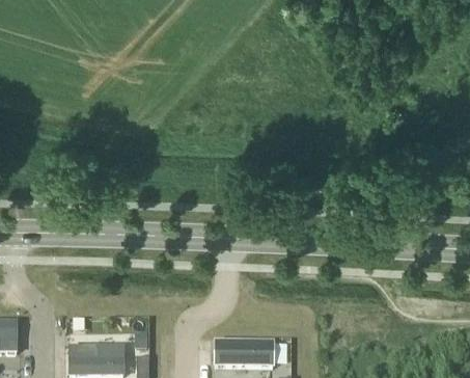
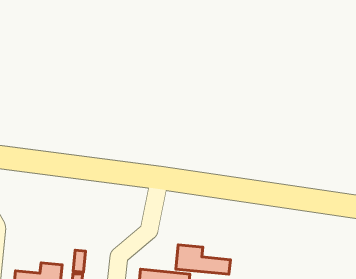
building: none -> [176,245,230,274]

